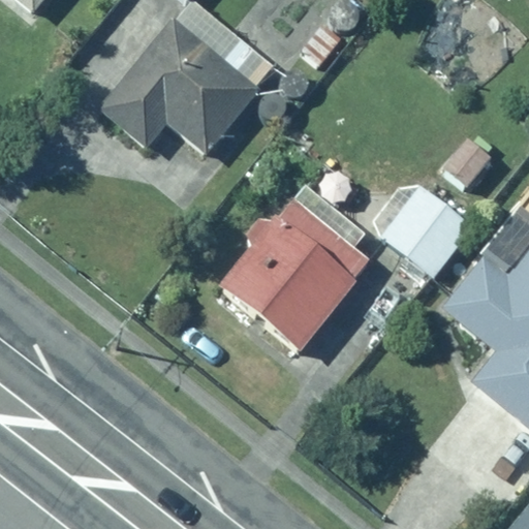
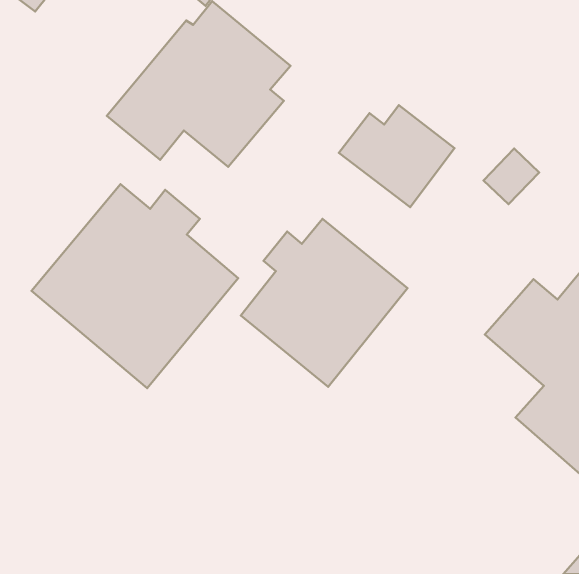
building: none -> [32,184,238,388]
building: [368,183,473,276] -> [339,105,455,207]

